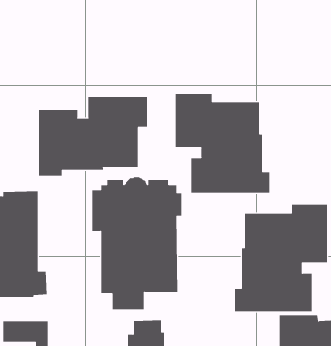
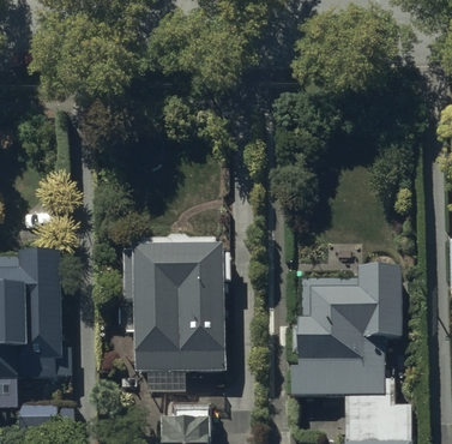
building: [175,93,270,193] -> none
building: [39,96,148,177] -> none

